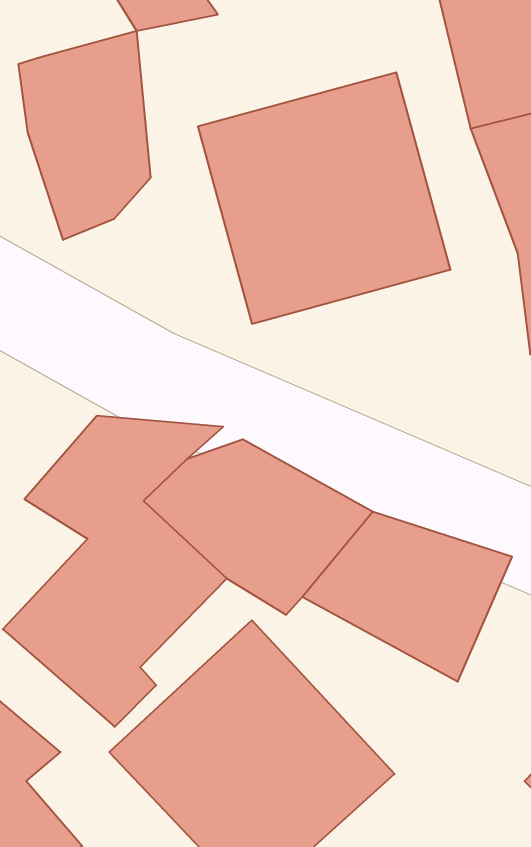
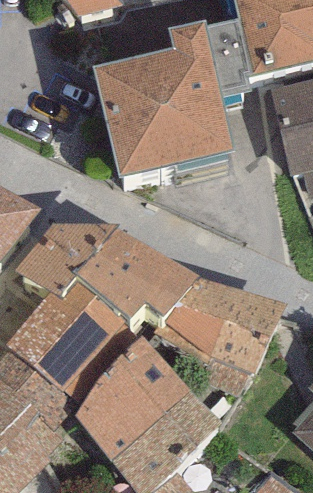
building: [19,31,151,240] -> none

